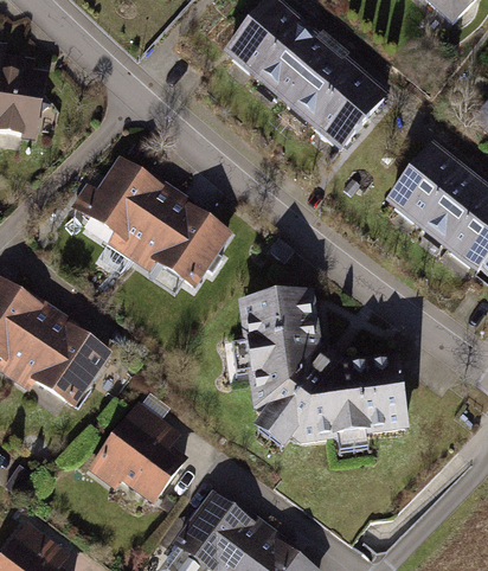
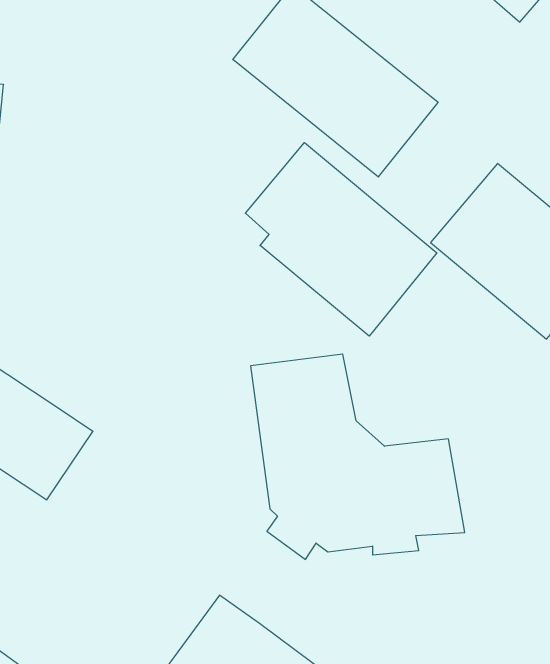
building: none -> [245,143,437,336]
building: [68,150,237,294] -> none
building: [85,398,185,505] -> none

